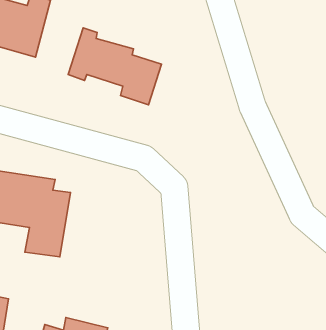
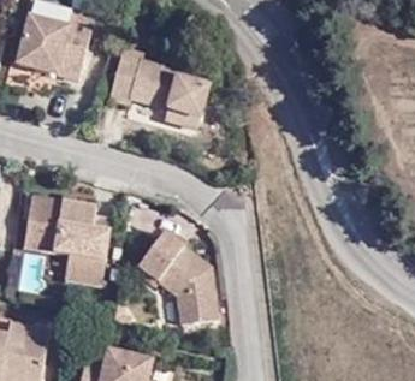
building: none -> [137,233,215,323]

